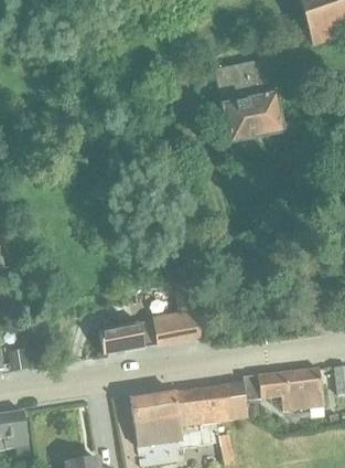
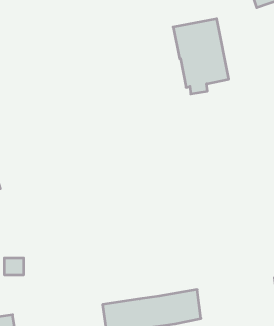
building: [99,309,200,353] -> none
building: [242,368,323,410] -> none

